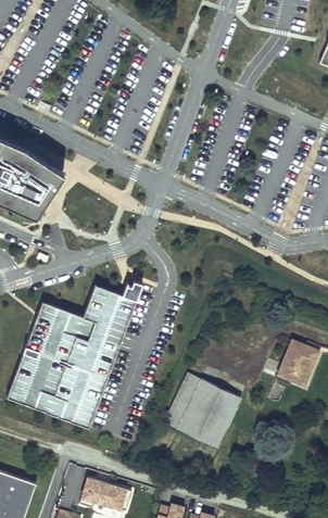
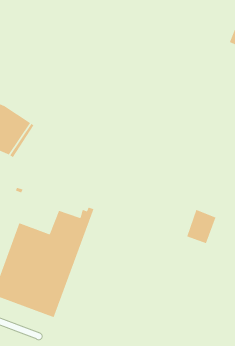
building: [277,338,317,384] -> [186,209,217,244]
building: [166,375,241,448] -> none

